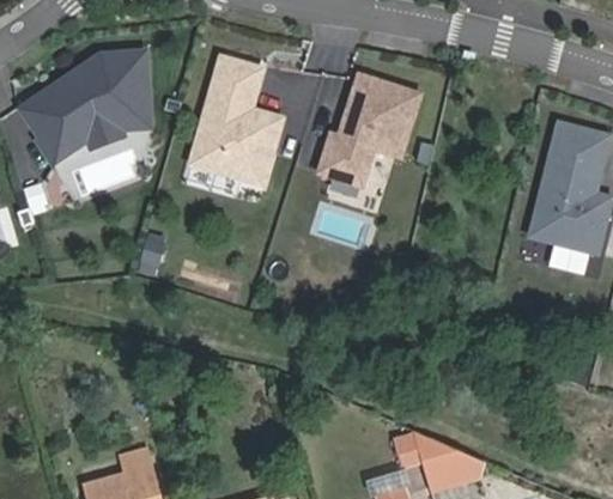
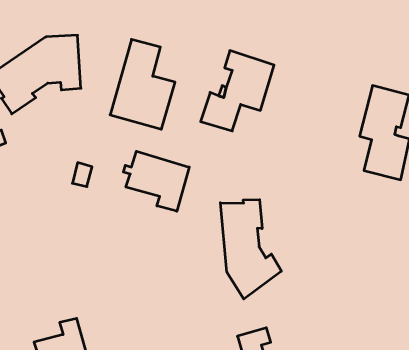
building: none -> [123,151,189,211]
building: none -> [220,200,281,299]
building: [409,427,475,486] -> none

